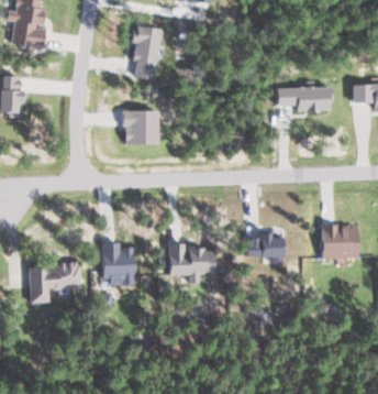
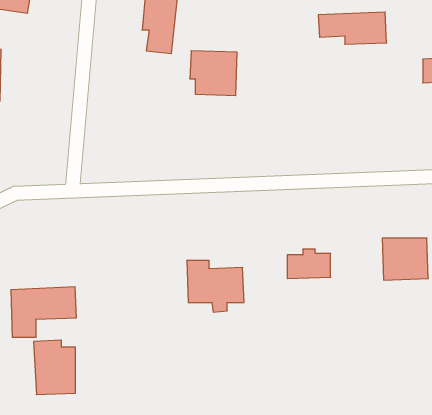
building: [277,86,331,111] -> [318,12,387,44]
building: [122,109,159,144] -> [190,51,237,96]
building: [101,241,134,284] -> [34,340,75,395]

